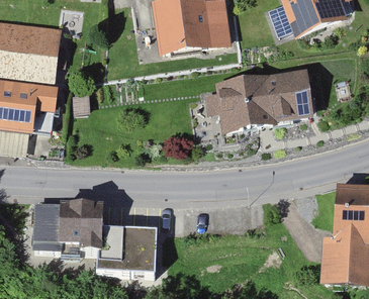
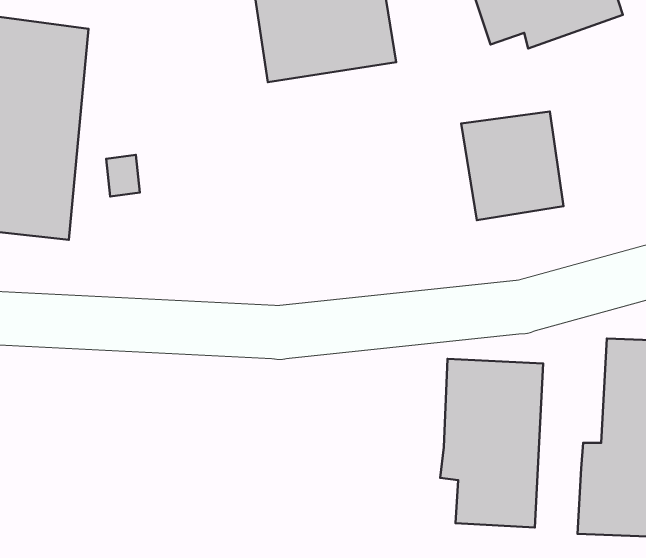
building: [205,74,269,130] -> none
building: none -> [440,359,543,528]
building: [31,201,155,276] -> none

